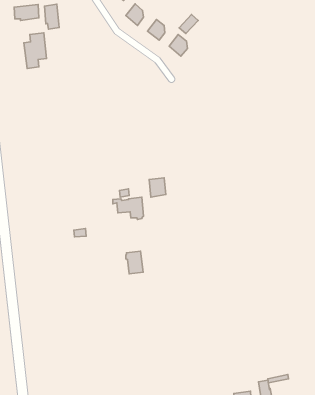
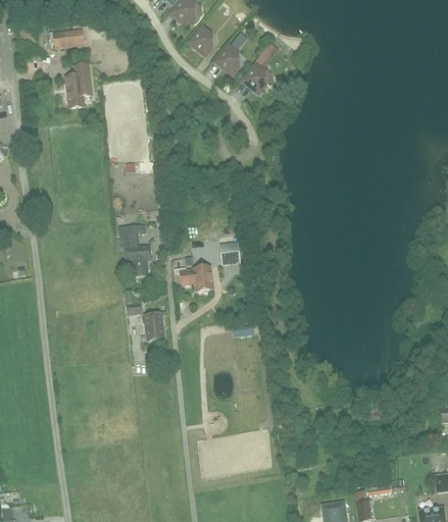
building: [45,4,59,29] -> none
building: none -> [121,223,151,275]
building: [126,251,143,274] -> [143,312,164,340]

